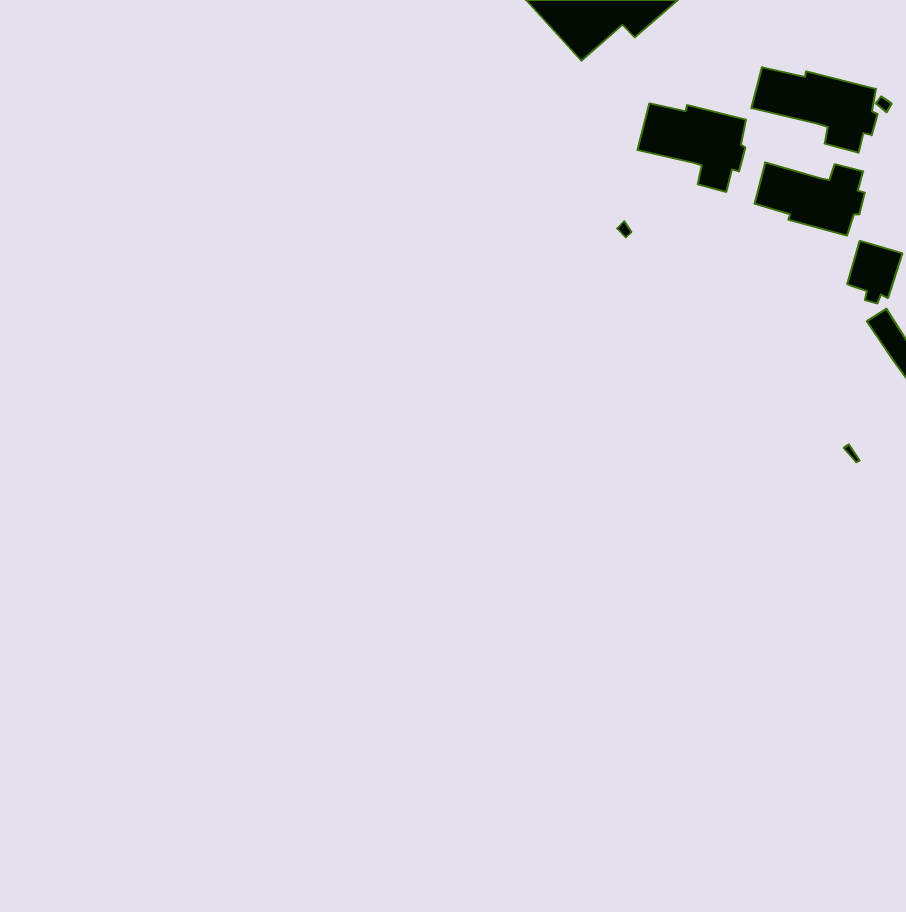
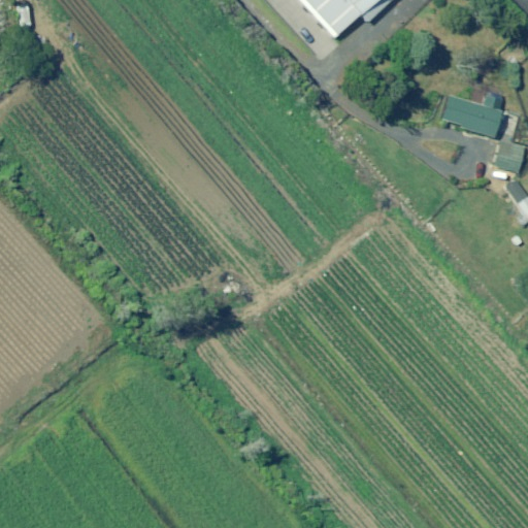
building: [751,67,878,153] -> none
building: [637,103,746,192] -> none

